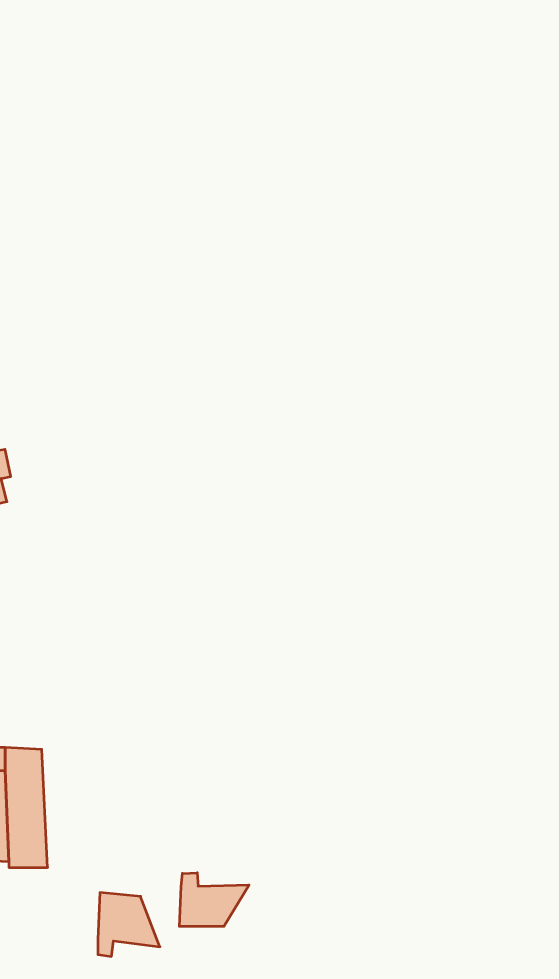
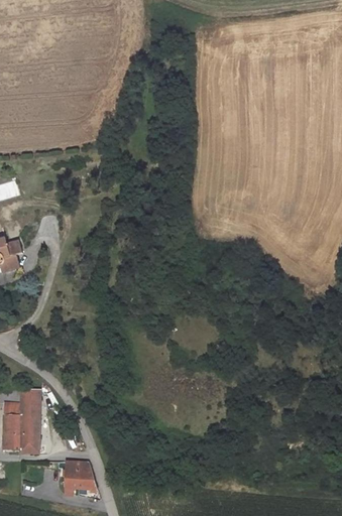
building: [179,873,249,926] -> none

